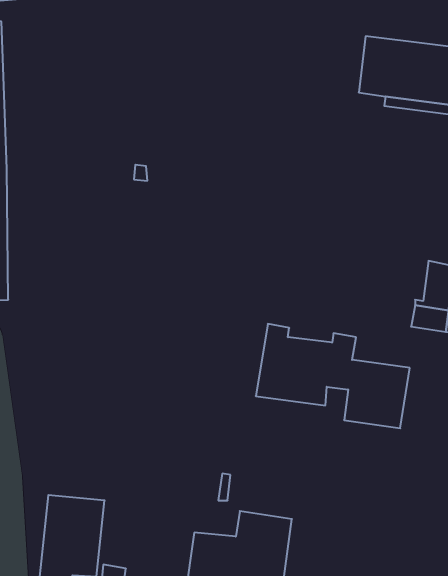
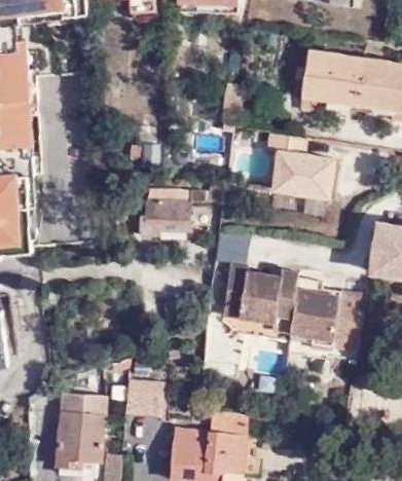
building: none -> [270,126,340,194]
building: none -> [141,177,227,236]
building: none -> [127,378,165,416]

